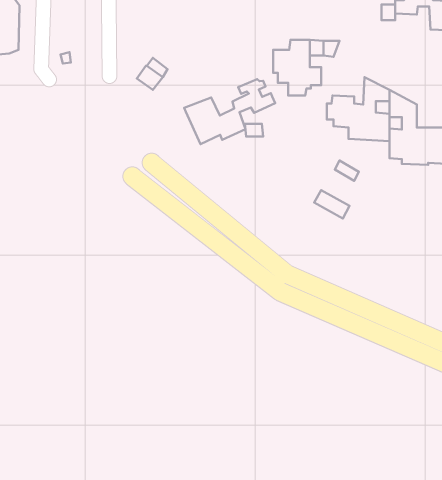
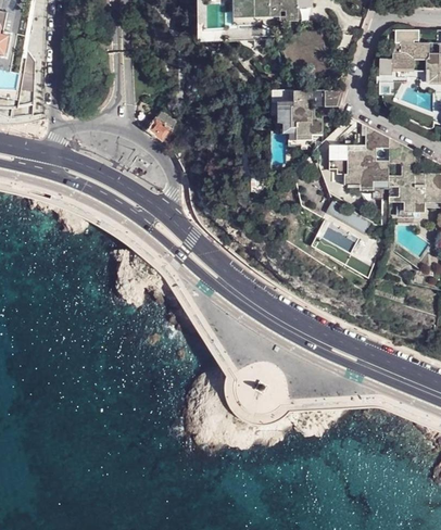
building: [184,79,275,144] -> none

